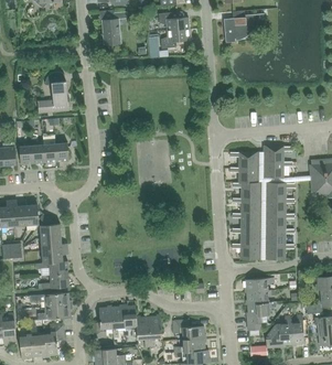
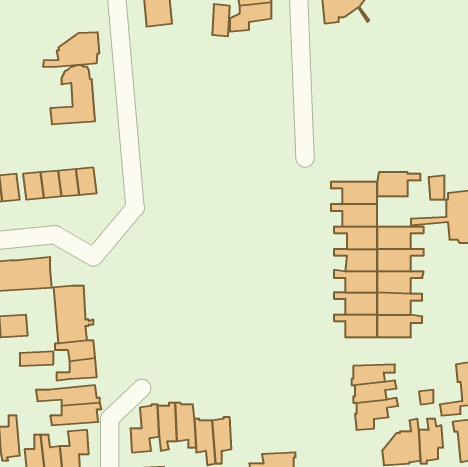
building: none -> [43,32,99,67]
building: [263,162,292,183] -> none
building: [173,320,206,340] -> none

